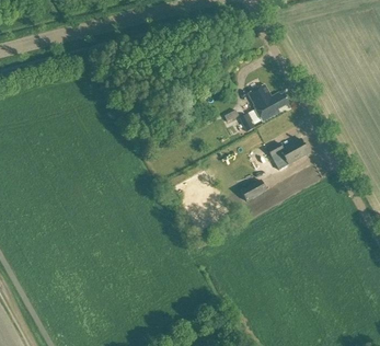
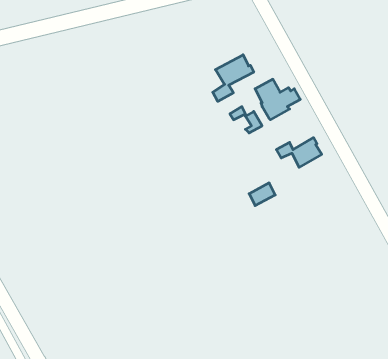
building: none -> [213,55,254,101]

